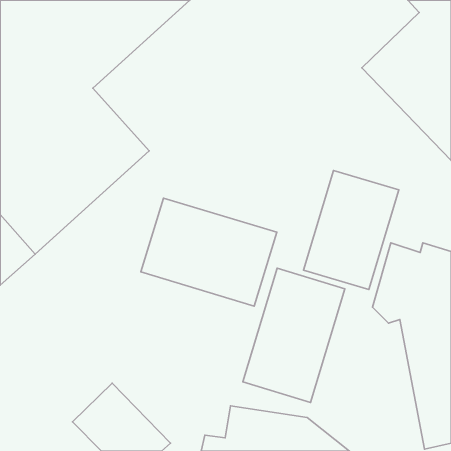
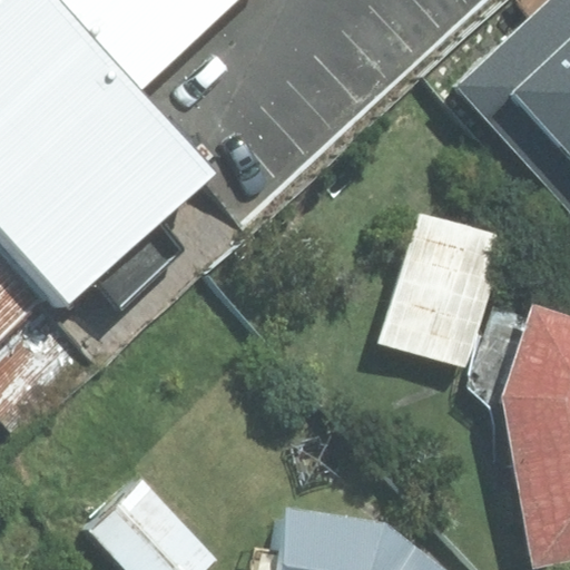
building: [141,198,277,306] -> none
building: [243,268,345,403] -> none

